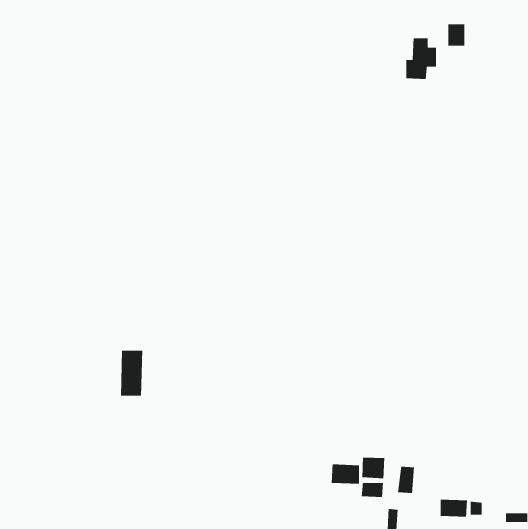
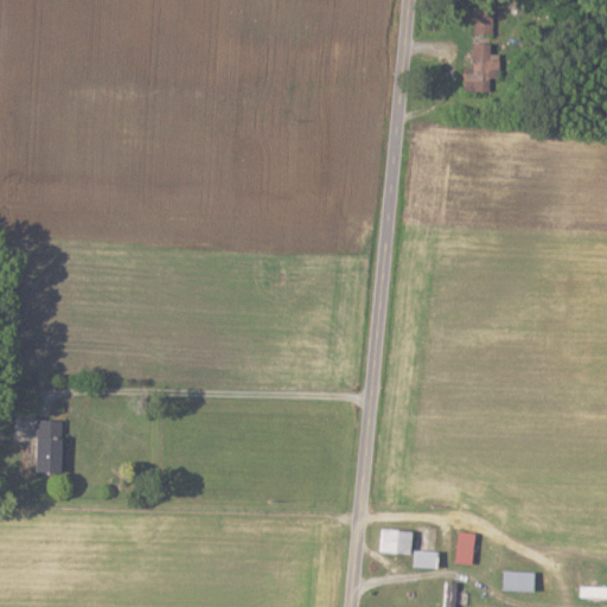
building: [448,24,465,46] -> [472,8,492,34]
building: [120,350,143,397] -> [36,421,62,474]
building: [361,457,385,479] -> none

